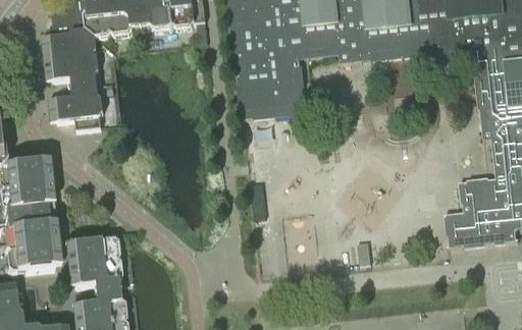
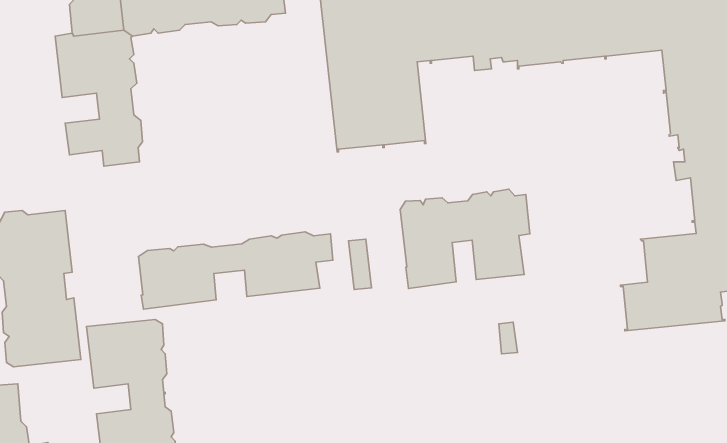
building: none -> [400,189,530,288]
building: none -> [139,232,333,309]

